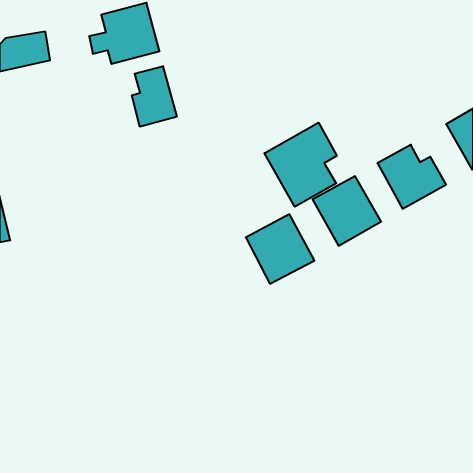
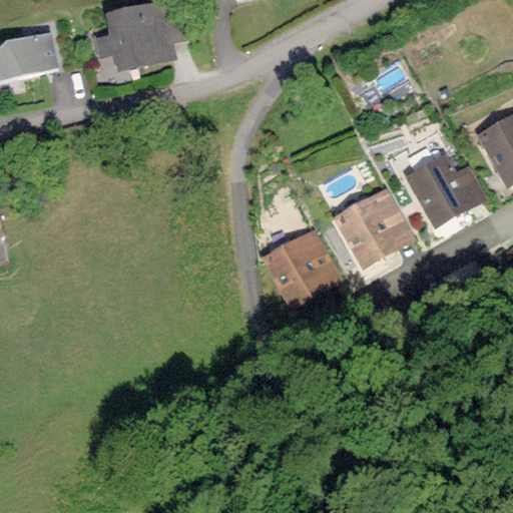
building: [132,66,177,127] -> none
building: [264,123,337,207] -> none

